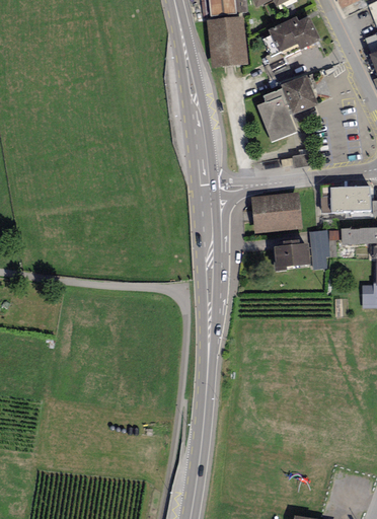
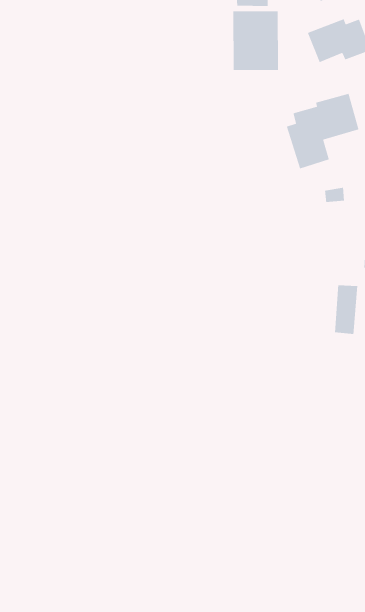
building: [251,192,303,232] -> none
building: [273,243,312,272] -> none

